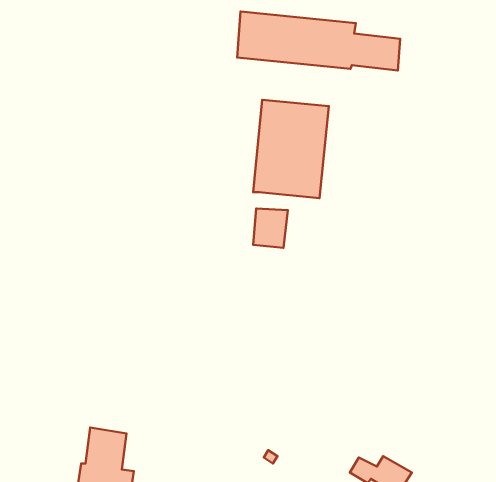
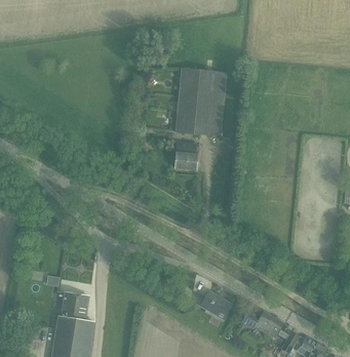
building: [237,12,400,70] -> none
building: none -> [200,290,232,318]

